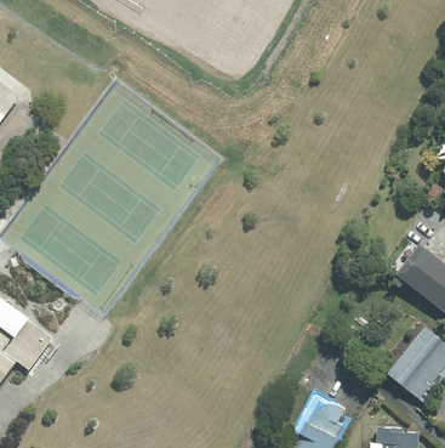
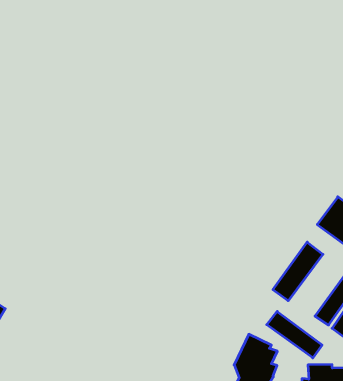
building: none -> [273,242,323,301]
building: none -> [267,311,322,358]

